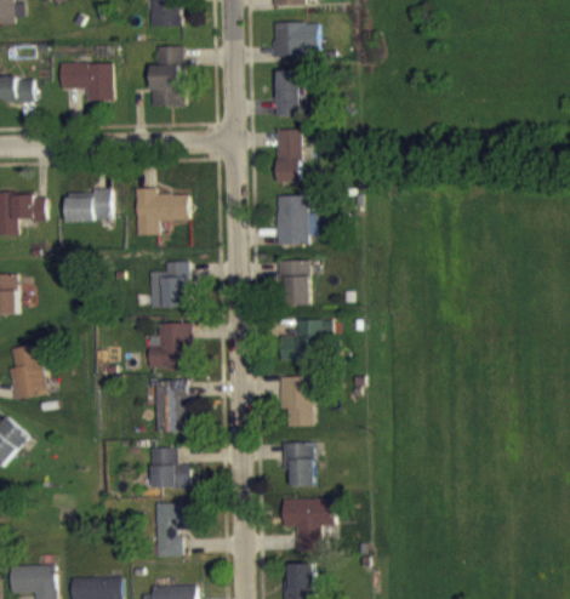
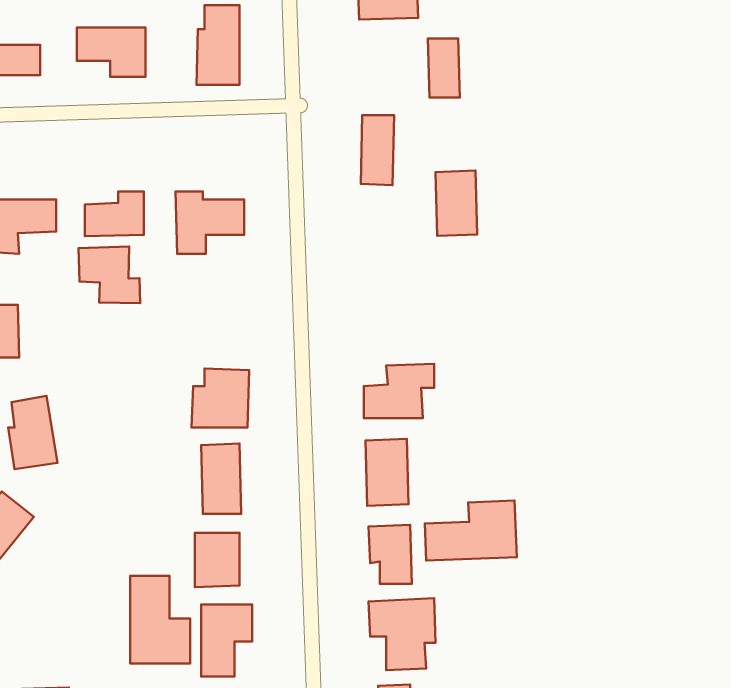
building: [275,70,300,115] -> [428,39,460,98]
building: [275,195,307,245] -> [436,171,477,236]
building: none -> [78,247,140,303]
building: [148,261,189,308] -> none
building: [279,261,309,306] -> none
building: none -> [425,501,517,561]
building: none -> [130,576,190,663]

